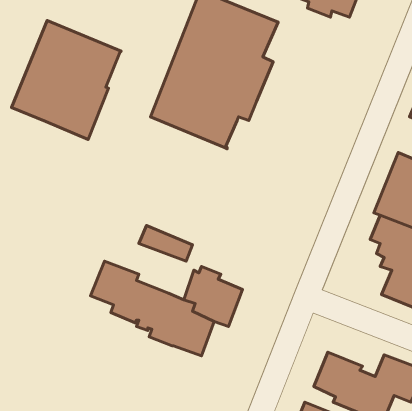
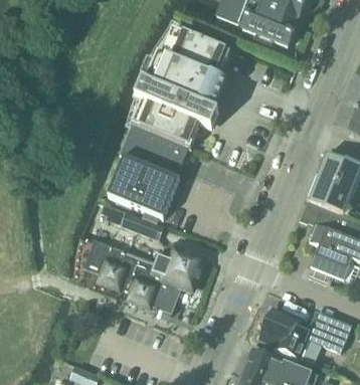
building: [11,21,121,139] -> [103,125,189,218]

